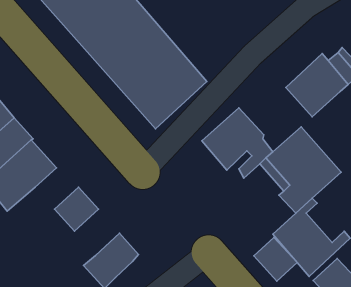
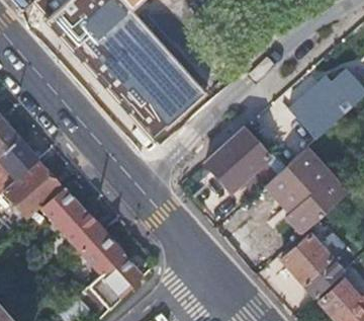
building: none -> [38,185,82,229]
building: none -> [78,229,123,275]
building: [254,237,297,281] -> none

